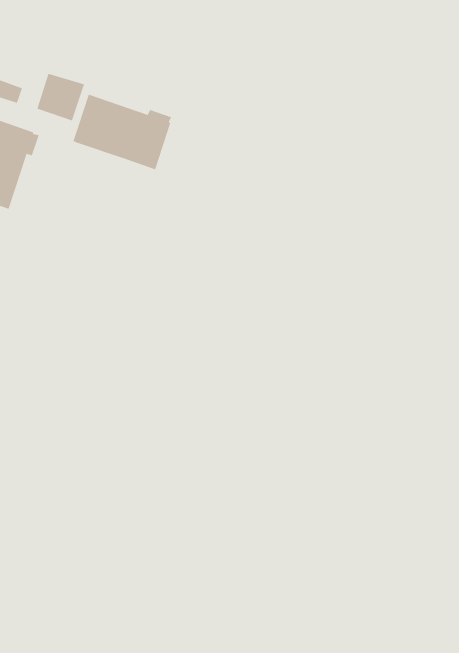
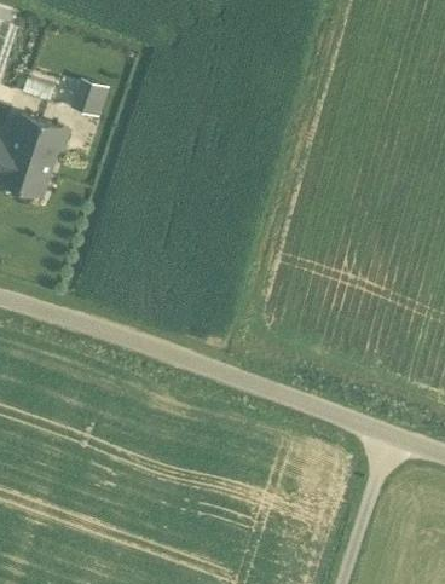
building: [72,94,172,170] -> none

